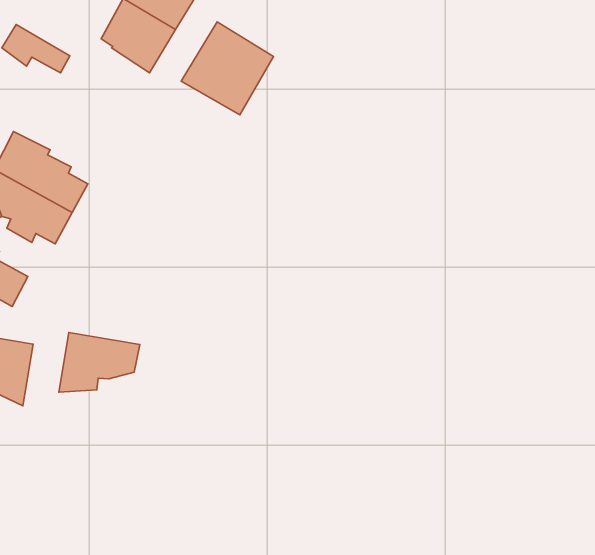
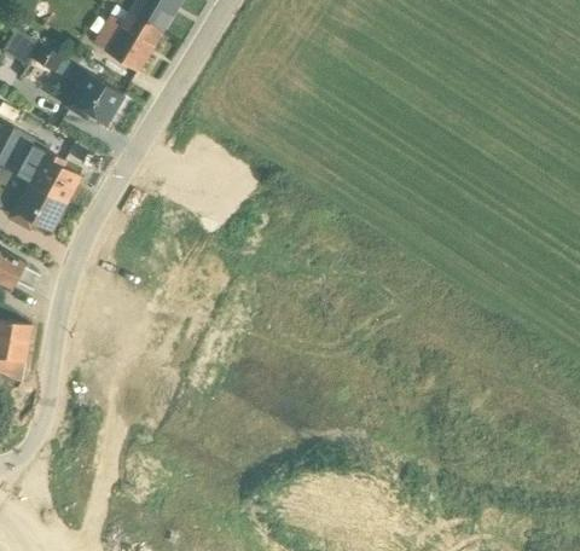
building: [181,22,273,115] -> none
building: none -> [54,63,126,123]
building: [59,333,140,392] -> none

